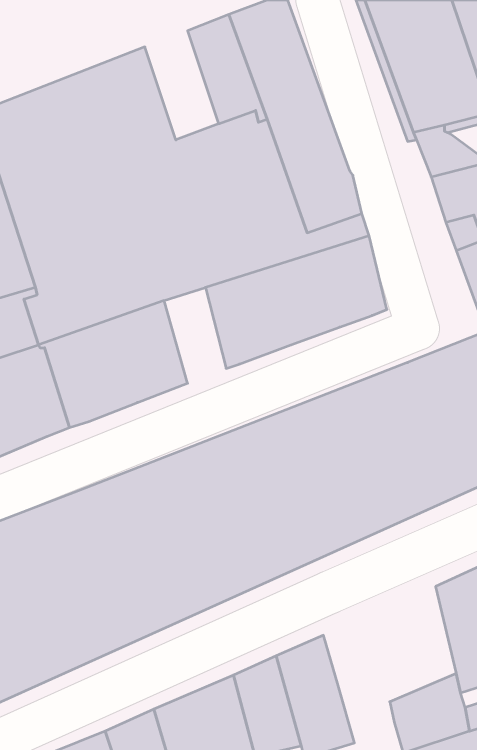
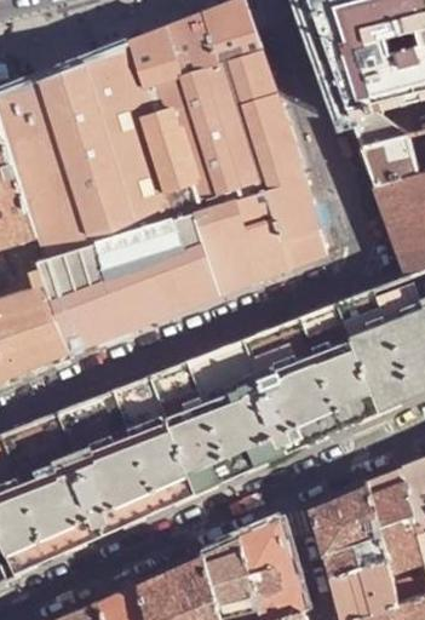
building: none -> [130,28,190,117]
building: none -> [145,239,196,317]
building: none -> [311,484,385,579]

